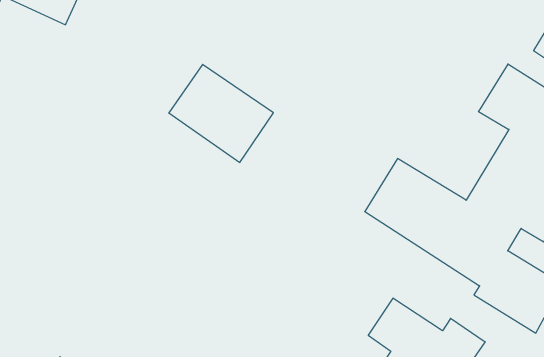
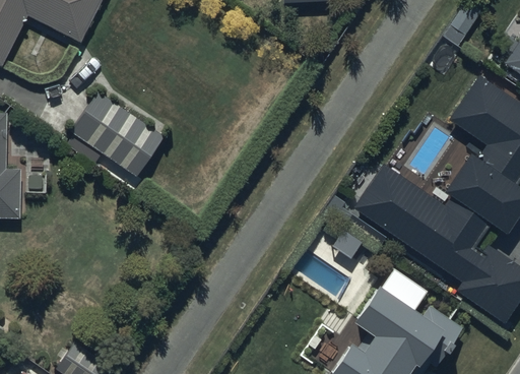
building: [169,64,273,162] -> [69,87,164,176]

